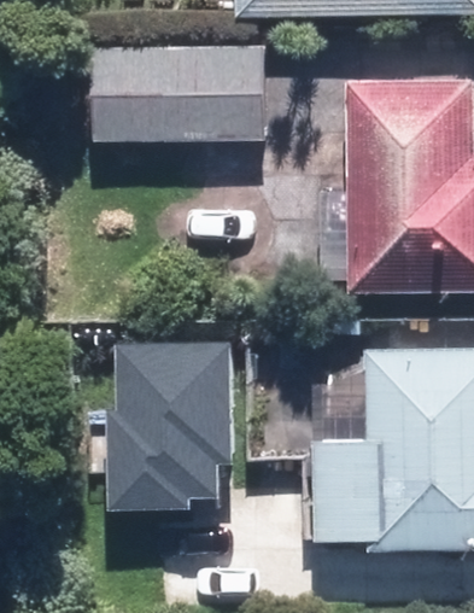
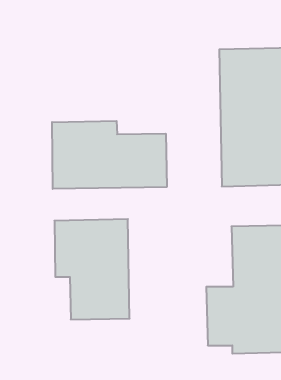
building: [100,54,258,171] -> none
building: none -> [52,121,167,189]

